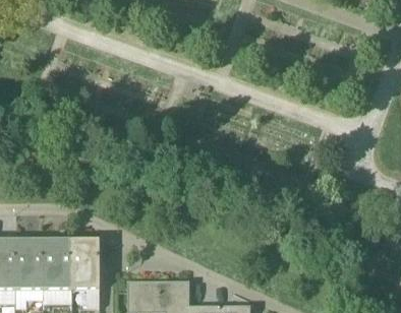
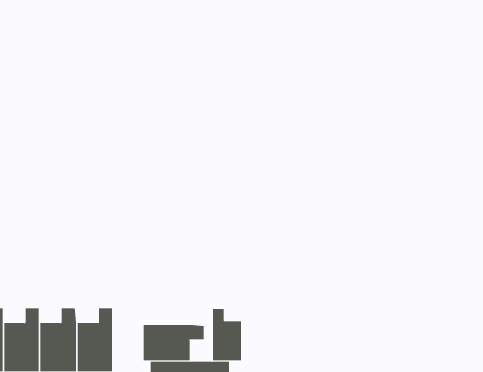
building: none -> [212,308,241,361]
building: none -> [143,324,204,361]

